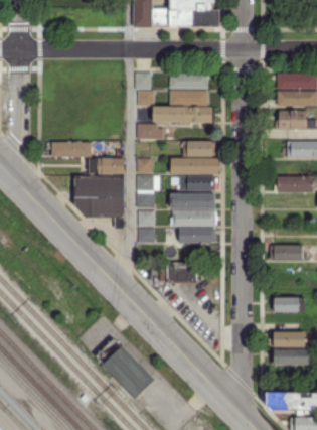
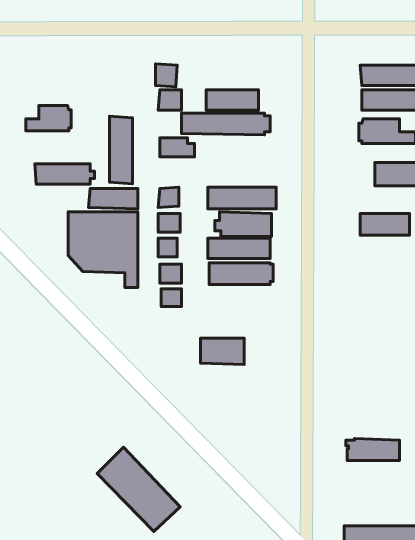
building: [171,74,208,88] -> none
building: none -> [26,105,71,131]
building: none -> [110,116,133,184]
building: [184,141,215,156] -> none
building: [179,227,216,242] -> none
building: [271,245,302,261] -> none
building: [275,297,305,311] -> none
building: [274,350,311,365] -> none

